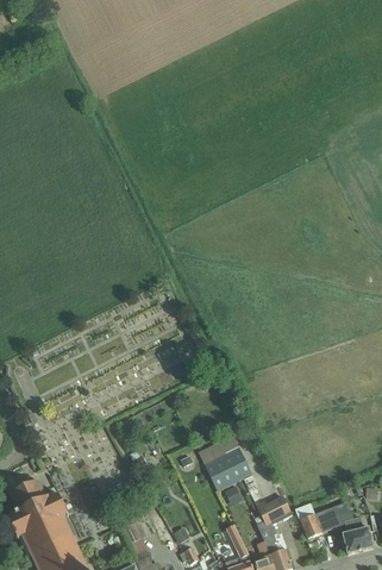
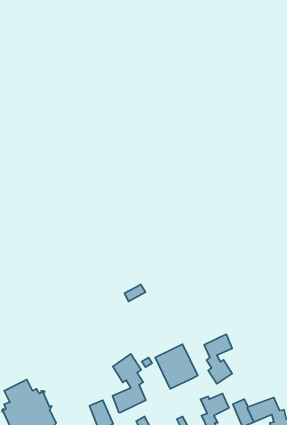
building: none -> [204,334,232,384]
building: none -> [112,354,146,412]

